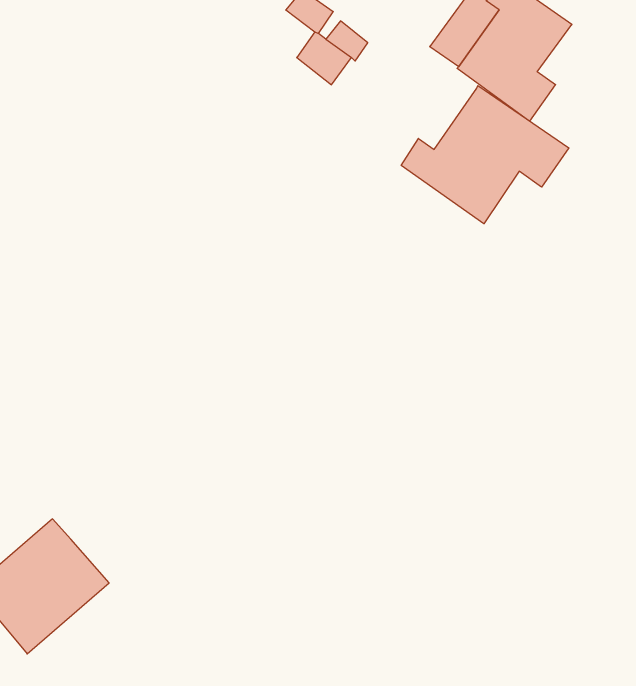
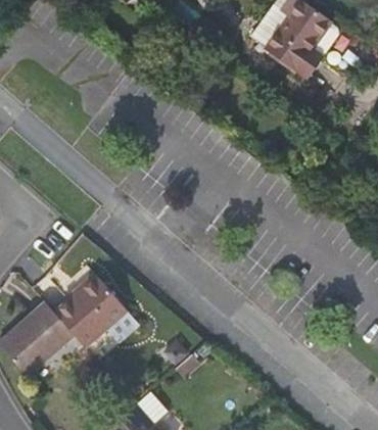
building: [401,86,569,224] -> none
building: none -> [50,276,126,348]

